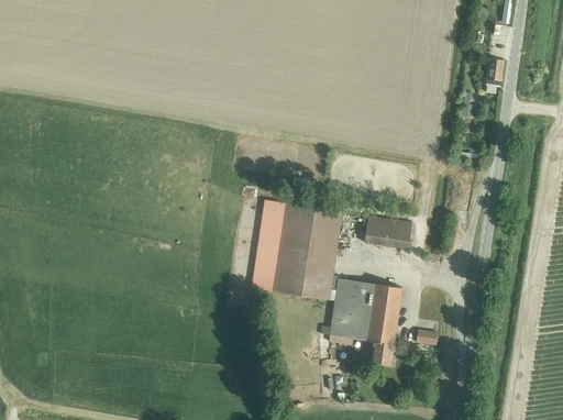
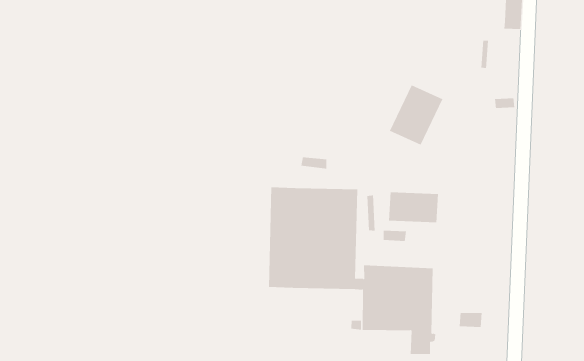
building: none -> [389,84,443,145]

